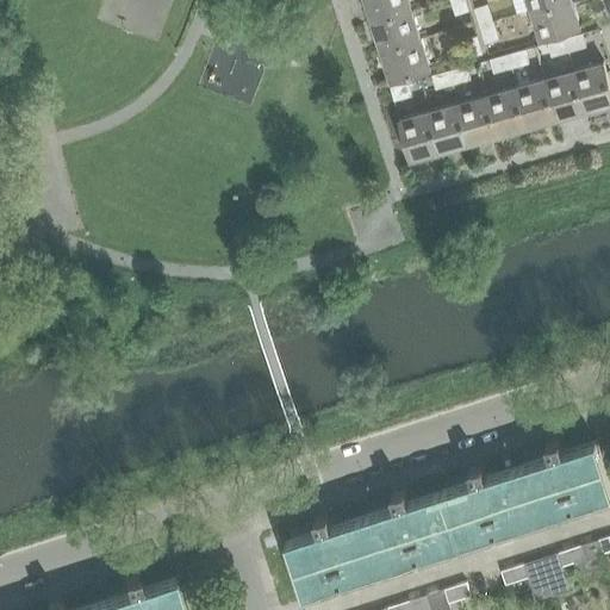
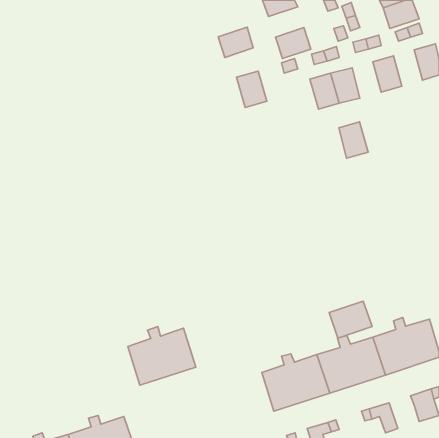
building: [372,12,421,54] -> [218,27,253,57]
building: [544,71,585,122] -> none
building: [487,88,528,138] -> [339,122,368,158]
building: [399,112,441,162] -> [237,71,267,107]
building: none -> [329,301,372,338]
building: [285,516,379,597] -> [128,327,196,385]
building: [539,550,573,596] -> none

